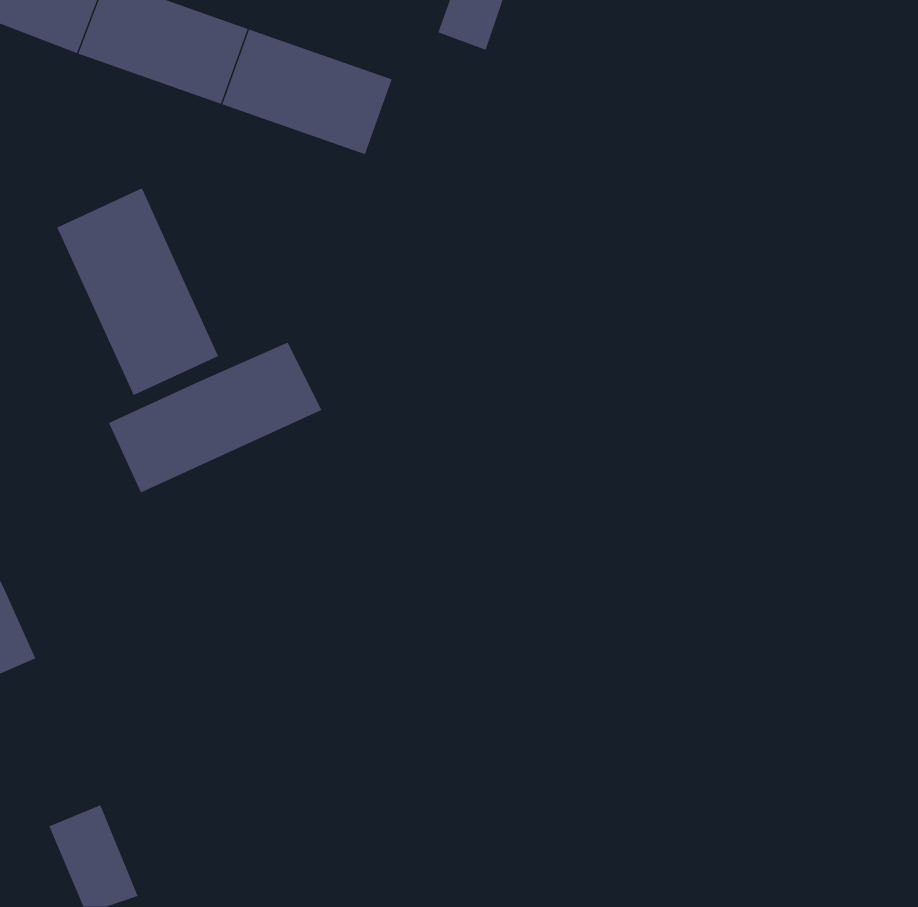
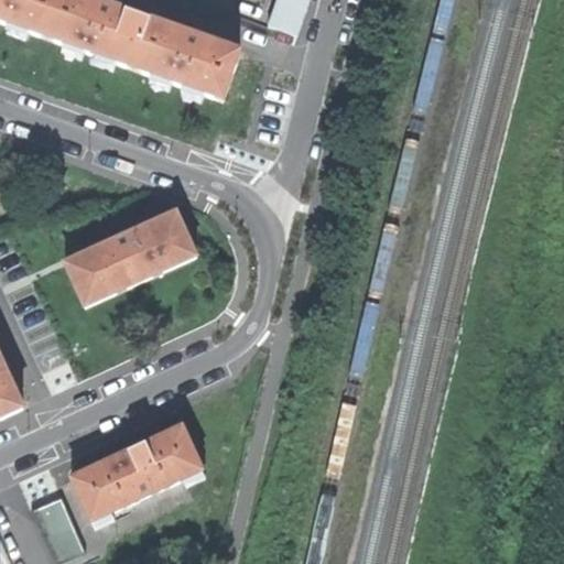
building: [57,187,219,396] -> none
building: none -> [73,424,202,517]

